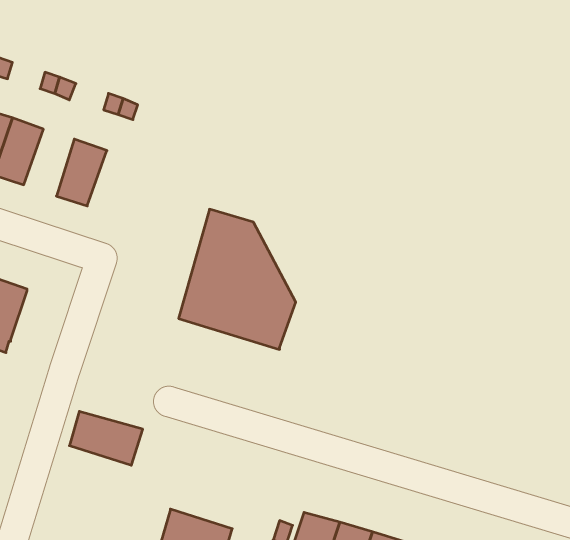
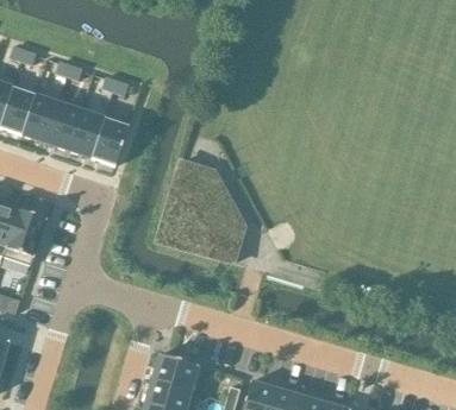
building: none -> [44,101,81,150]
building: none -> [90,116,129,165]
building: [69,411,143,465] -> [151,353,205,392]

